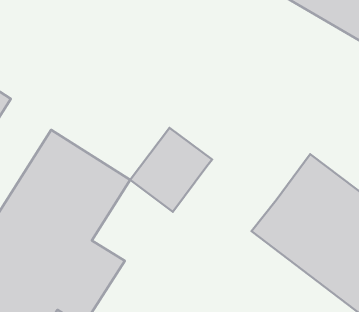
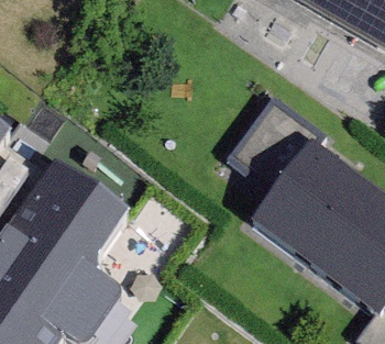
building: [130,128,212,212] -> [249,122,333,209]

